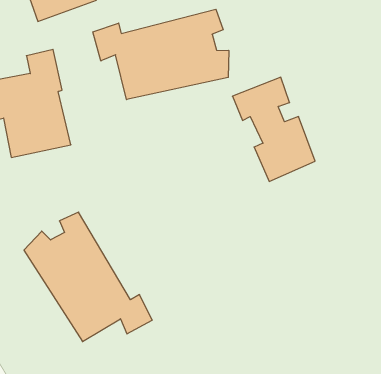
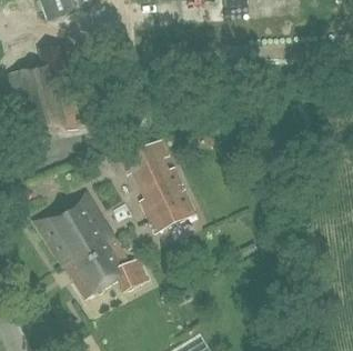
building: [93,9,229,100] -> none
building: [232,77,315,181] -> [115,139,188,230]

